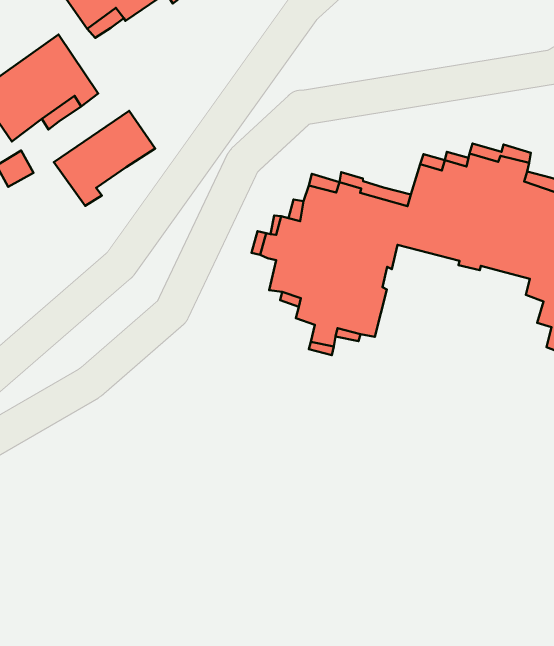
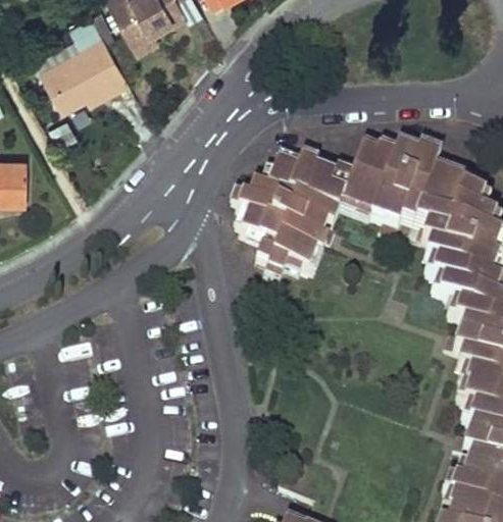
building: [54,111,155,206] -> none

